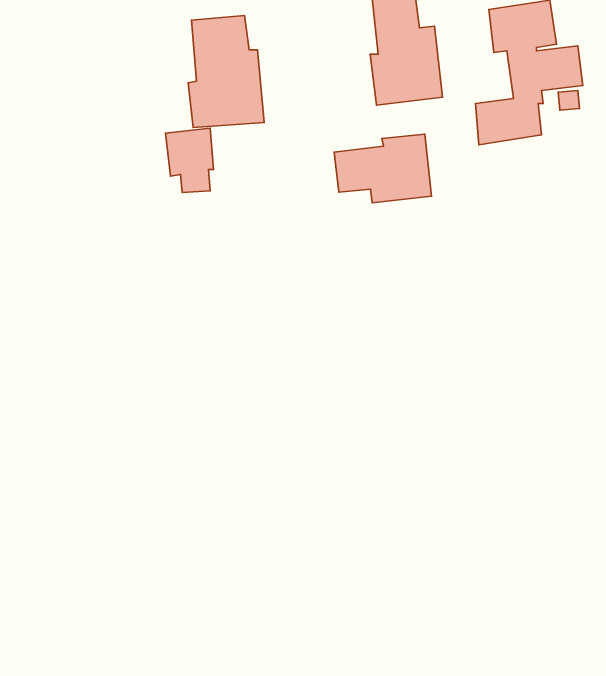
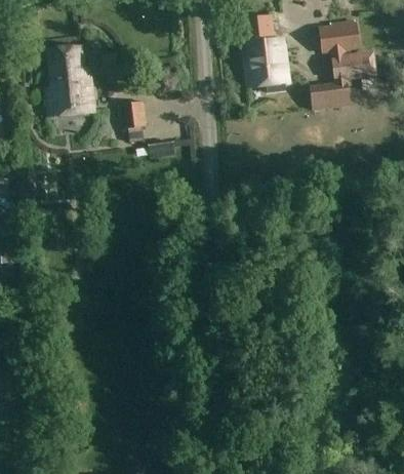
building: [188,15,264,127] -> [46,45,93,115]
building: [334,134,432,203] -> none

